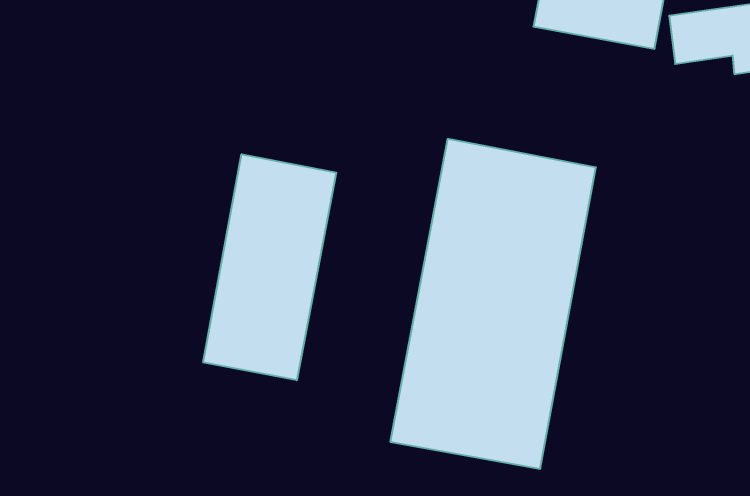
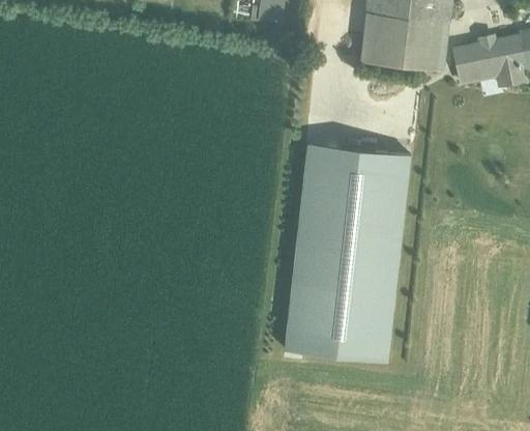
building: [203,154,336,380] -> none

